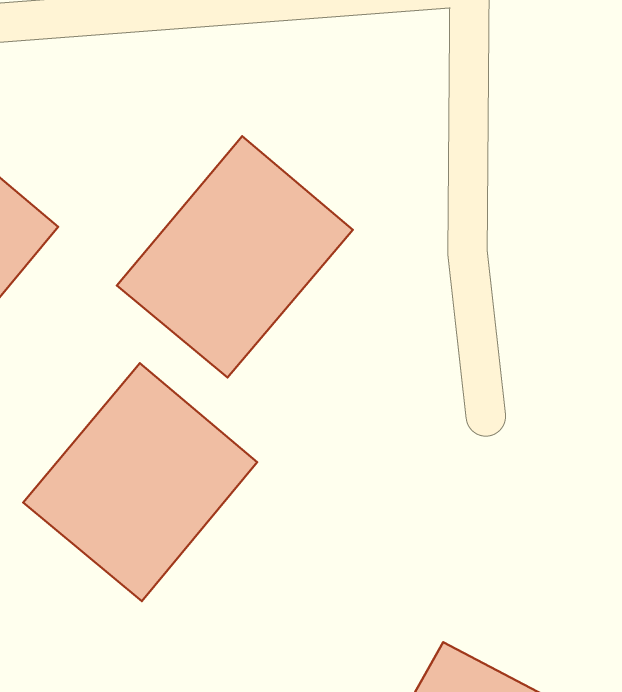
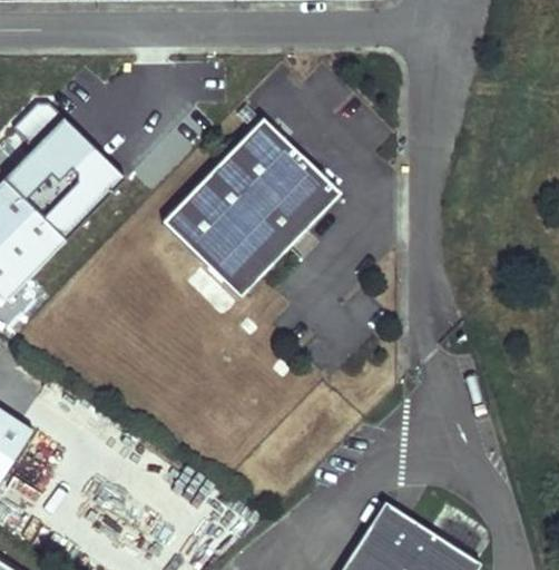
building: [23,363,257,601] -> none

